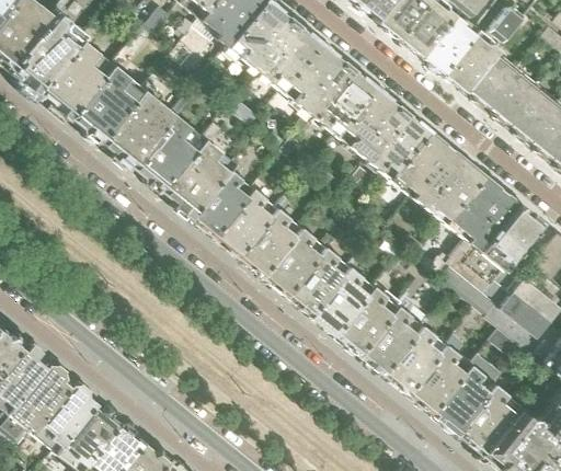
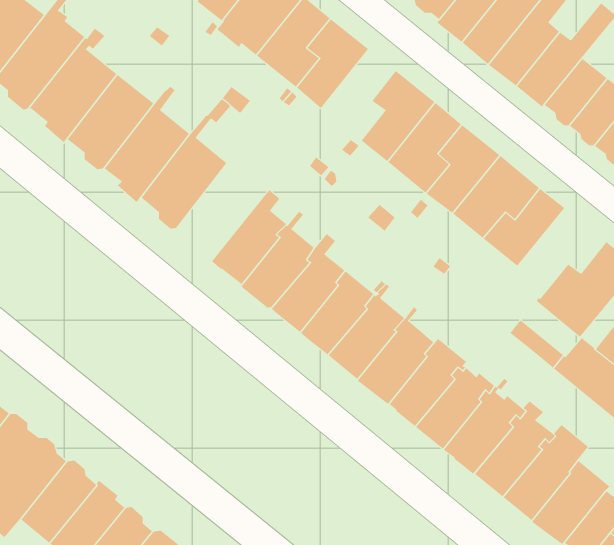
building: [283,43,344,118] -> none
building: [163,122,237,218] -> none
building: [445,174,518,242] -> none

